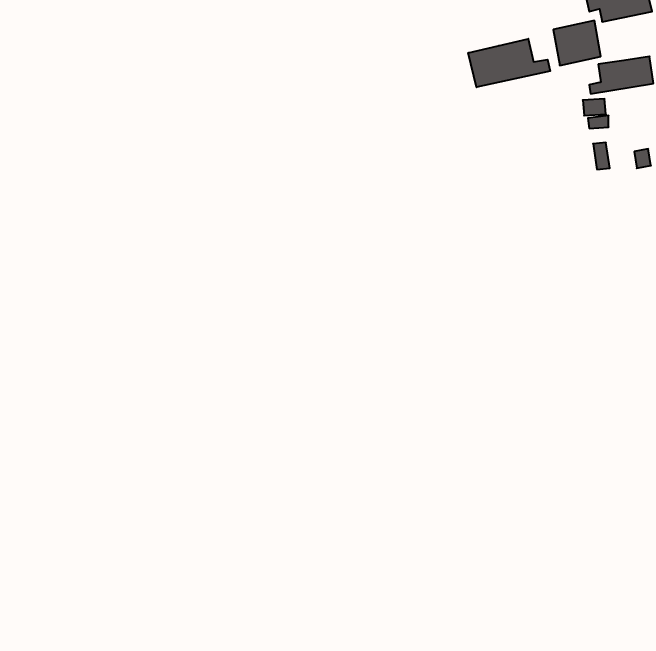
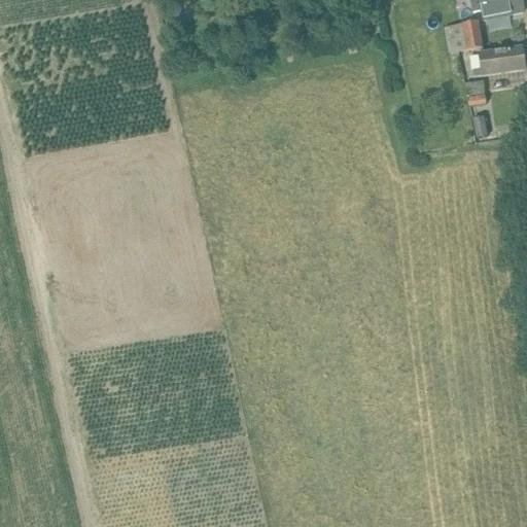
building: [468,39,550,87] -> none

